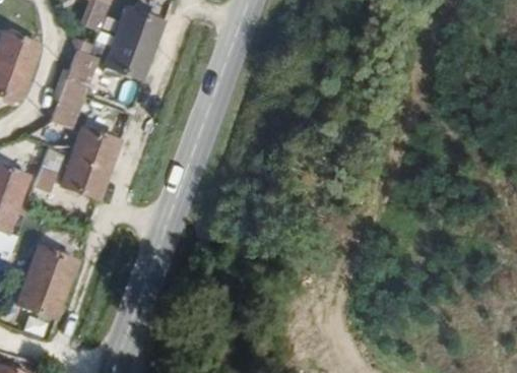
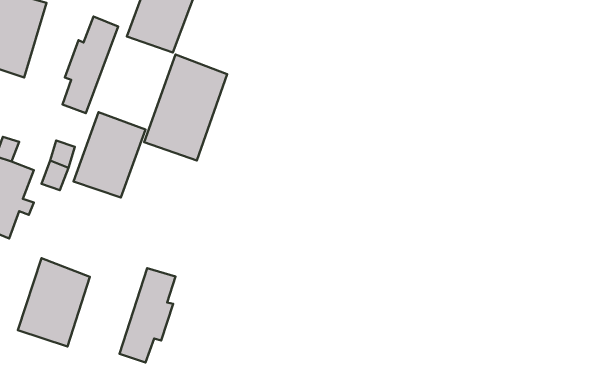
building: none -> [144,55,227,160]
building: none -> [119,268,175,363]

